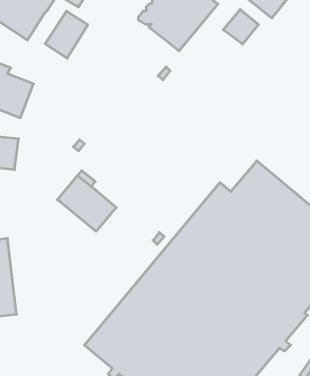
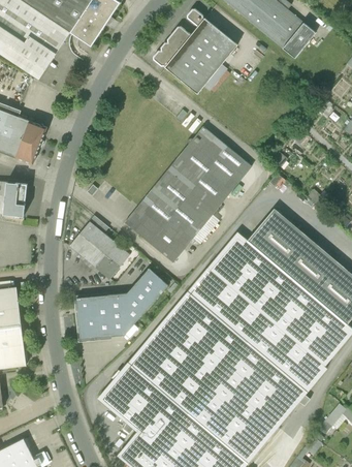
building: [223,9,259,44] -> none
building: [45,11,88,58] -> none
building: none -> [124,126,251,262]
building: none -> [76,268,168,338]

